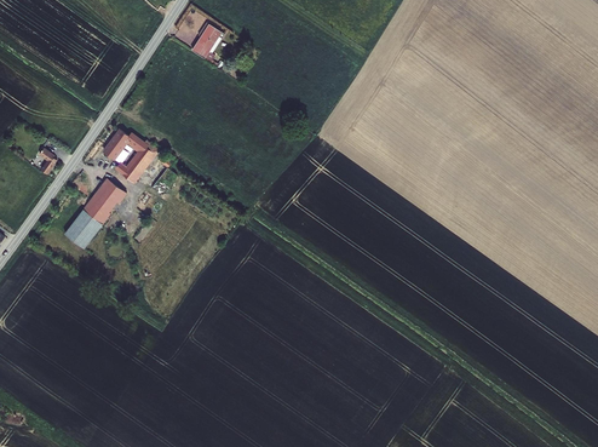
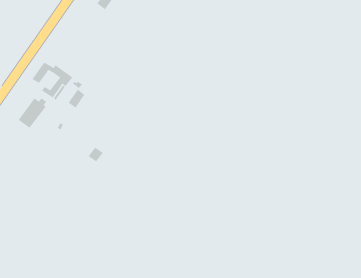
building: [62,211,98,248] -> none

